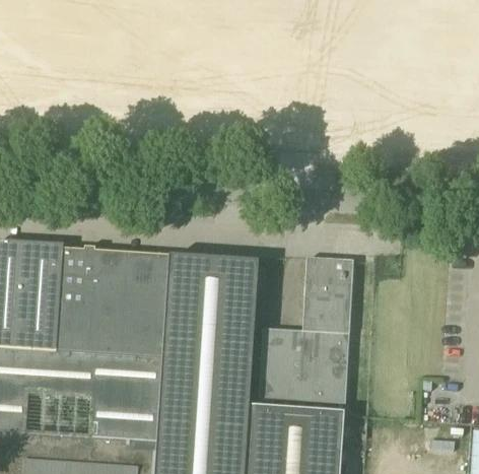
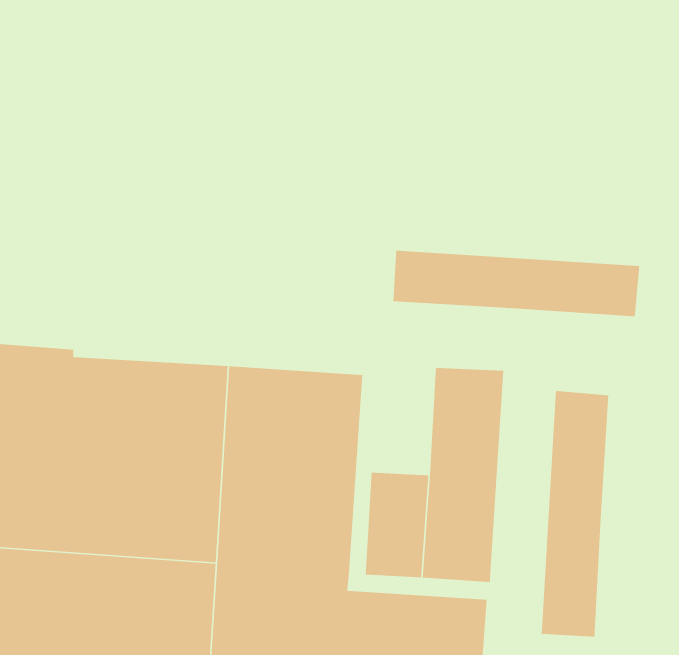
building: none -> [392,250,640,317]
building: none -> [541,390,609,637]

